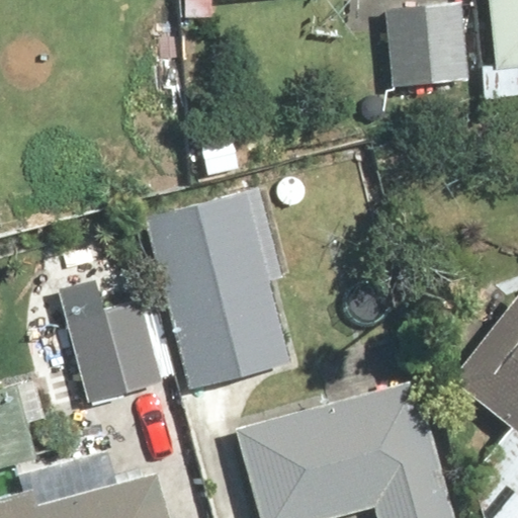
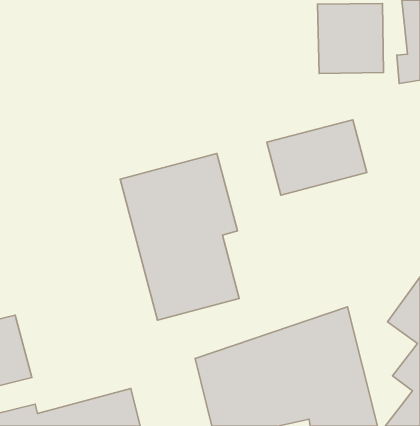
building: none -> [267,120,367,195]
building: [64,296,165,405] -> none

